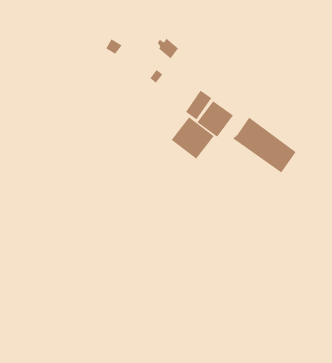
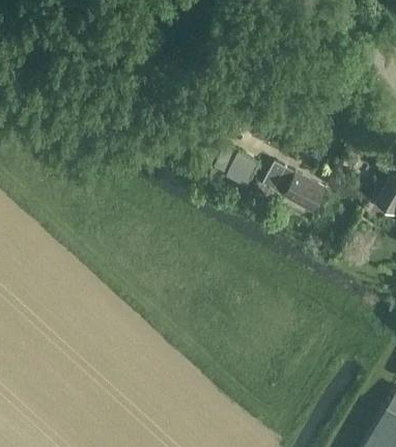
building: [171,117,215,159] -> none

